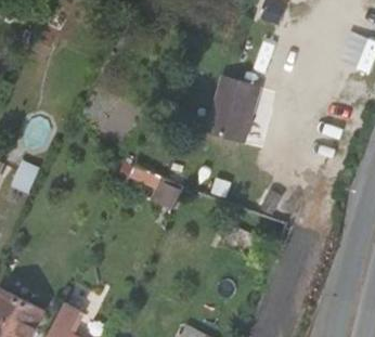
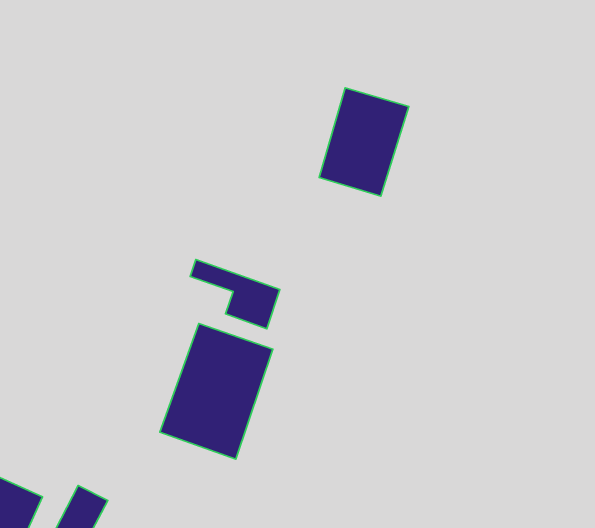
building: none -> [160,324,273,459]

